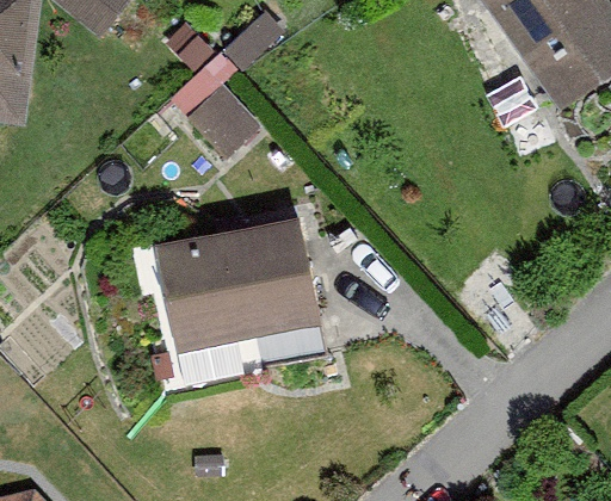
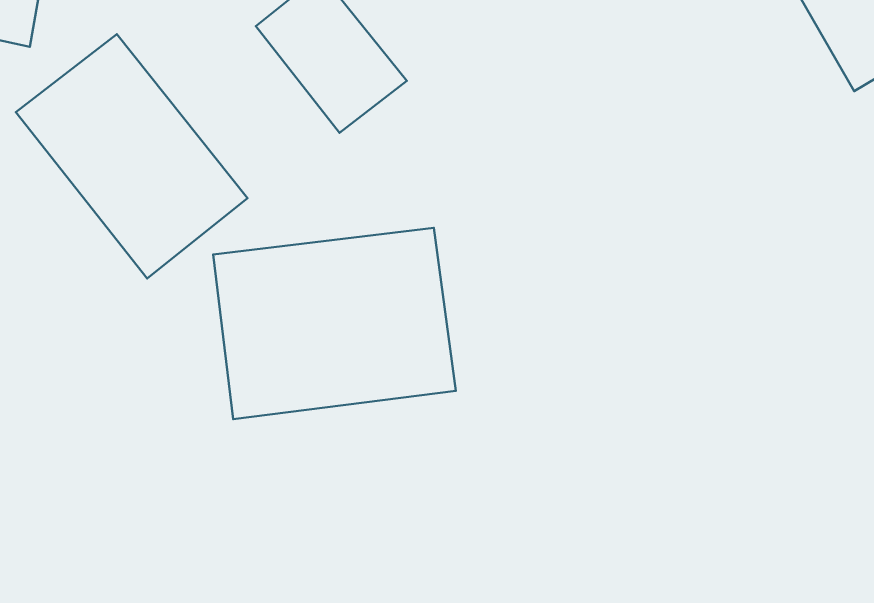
building: none -> [16,34,248,278]

